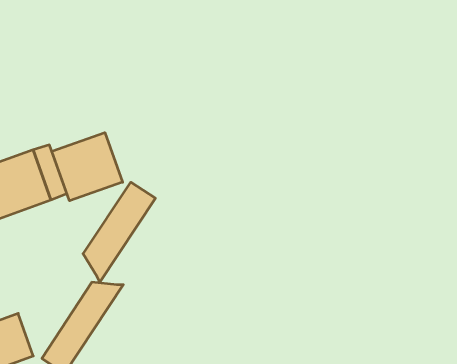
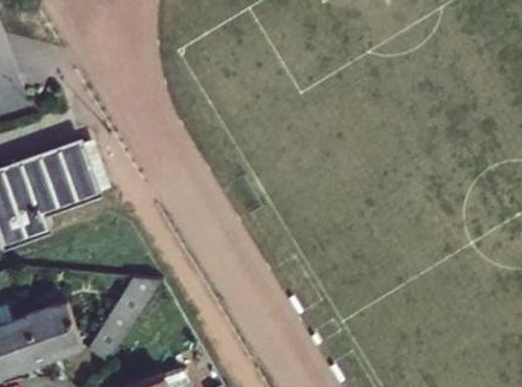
building: [52,133,123,201] -> none
building: [83,182,155,282] -> none

